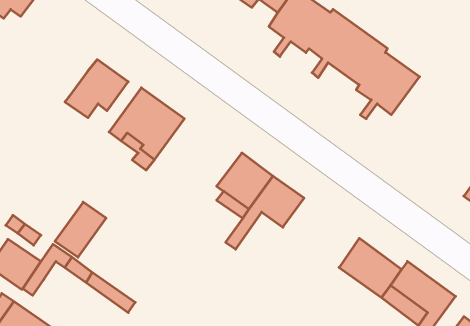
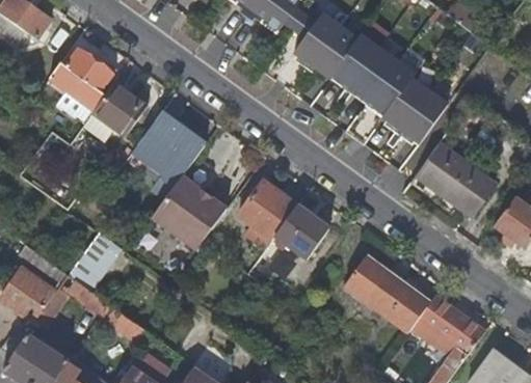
building: none -> [48,34,113,122]
building: none -> [417,141,496,214]
building: none -> [155,173,234,252]
building: none -> [344,254,387,299]

